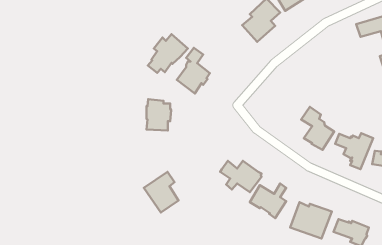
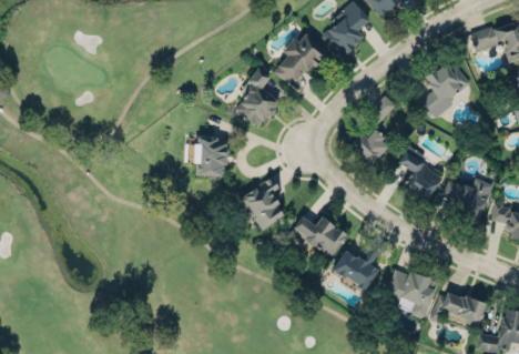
building: [148,34,188,73] -> [274,31,326,82]
building: none -> [415,62,470,122]
building: none -> [350,95,396,165]
building: [144,172,179,212] -> [240,178,285,231]

